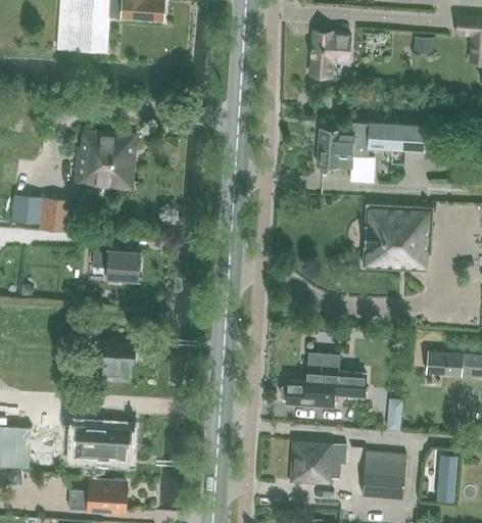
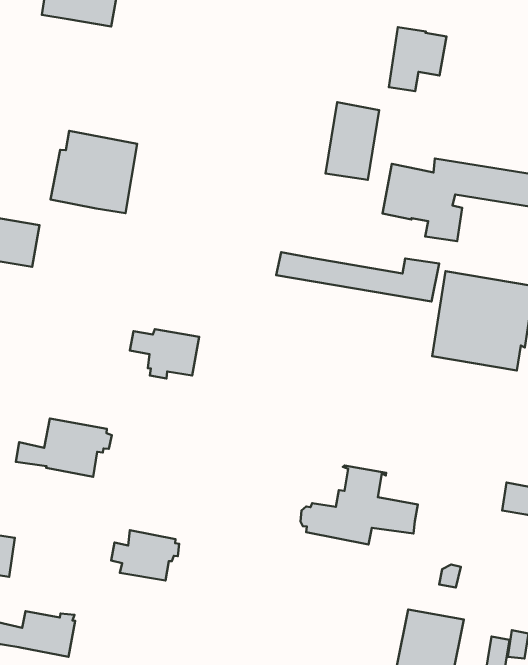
building: none -> [326,102,379,180]
building: none -> [276,252,439,302]
building: [93,247,142,282] -> [130,329,199,379]
building: [85,425,133,459] -> [111,530,179,580]
building: [291,439,347,483] -> none

